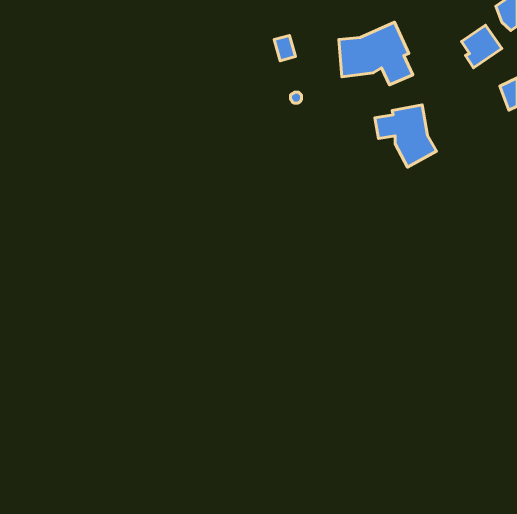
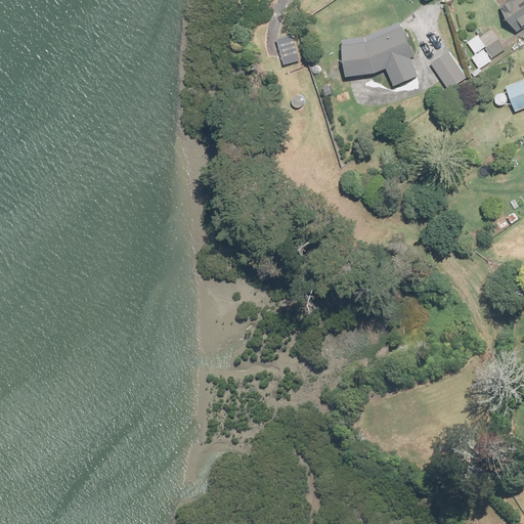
building: none -> [430,50,468,89]
building: [375,105,436,167] -> none

